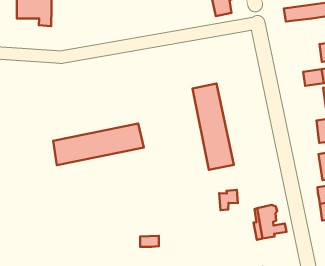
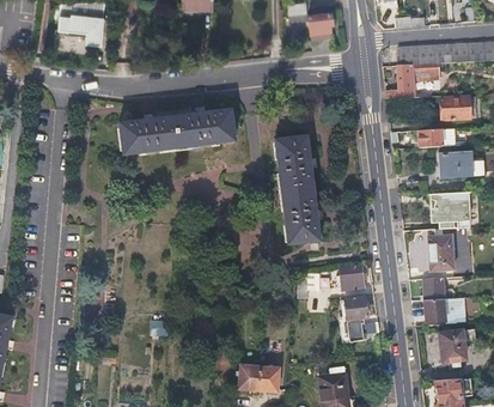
building: none -> [386,63,434,98]
building: [53,124,144,165] -> [120,110,234,154]
building: none -> [336,267,365,291]

